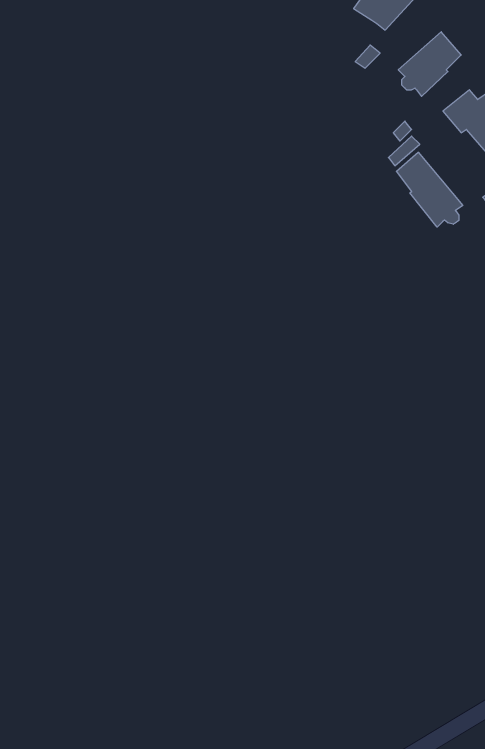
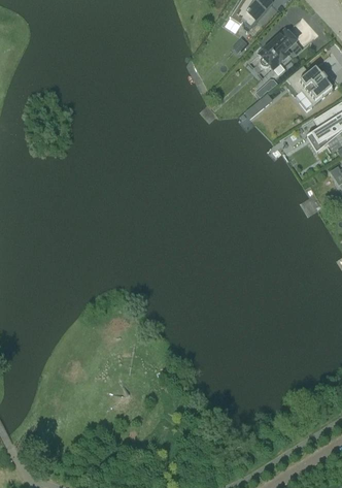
building: [396,152,463,227] -> none

